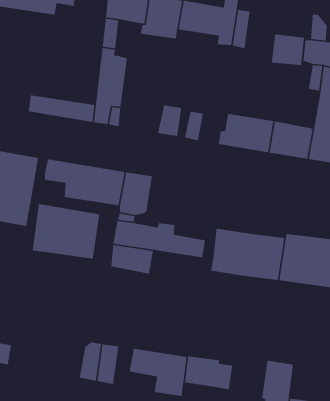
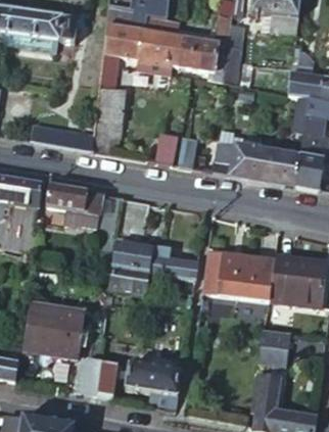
building: [271,34,305,66] -> none
building: [32,203,100,259] -> [22,303,87,356]
building: none -> [258,329,290,366]
building: [184,355,233,390] -> none

